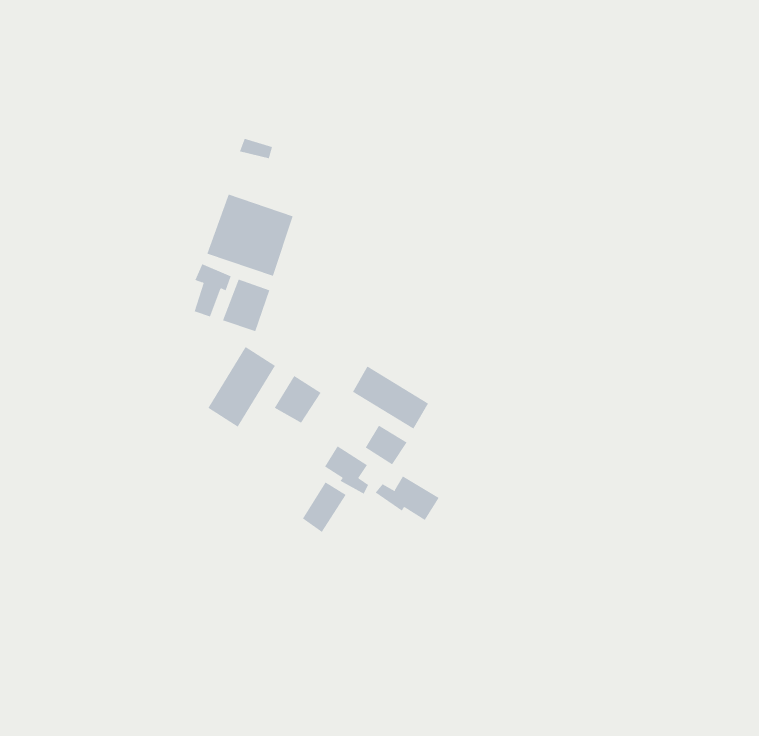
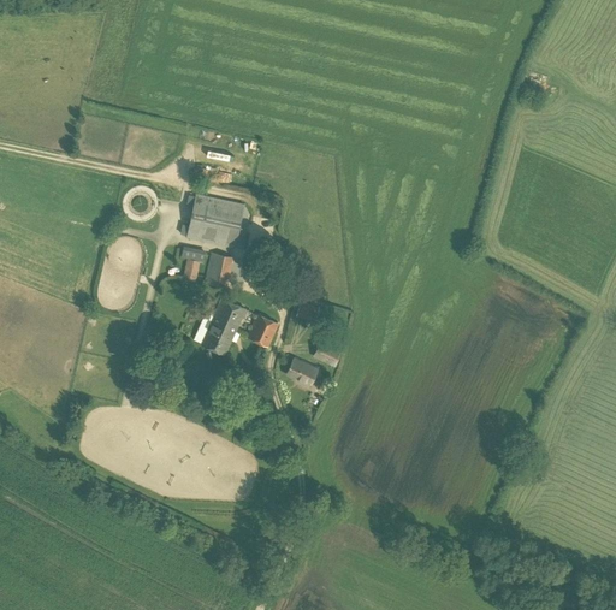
building: [352,366,429,430] -> none
building: [375,475,439,521] -> none
building: [302,482,347,533] -> none

